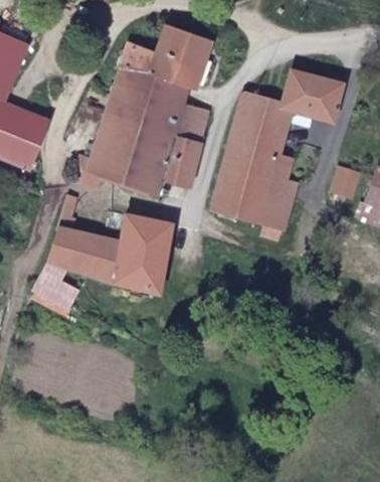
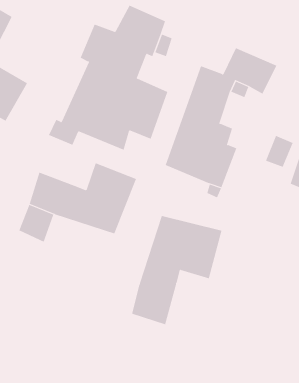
building: none -> [132,215,222,325]

